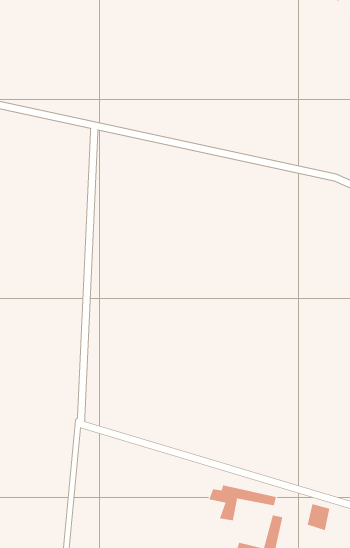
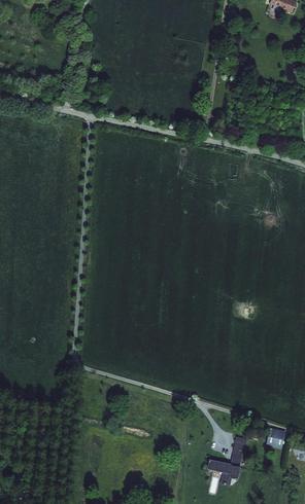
building: [208,484,276,521] -> none

